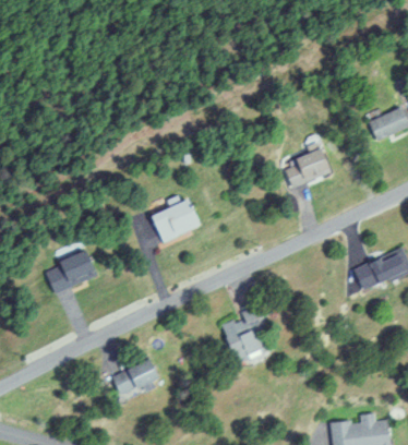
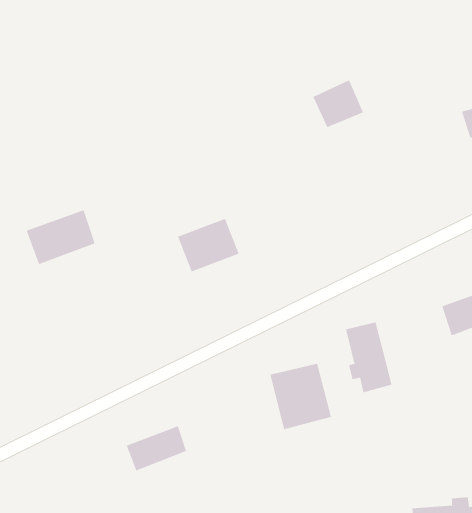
building: [292,147,332,184] -> [313,80,364,128]
building: [45,251,98,293] -> [26,209,95,265]
building: none -> [346,322,392,393]

